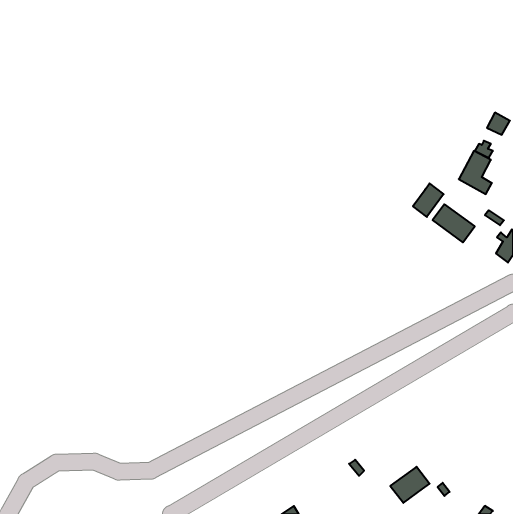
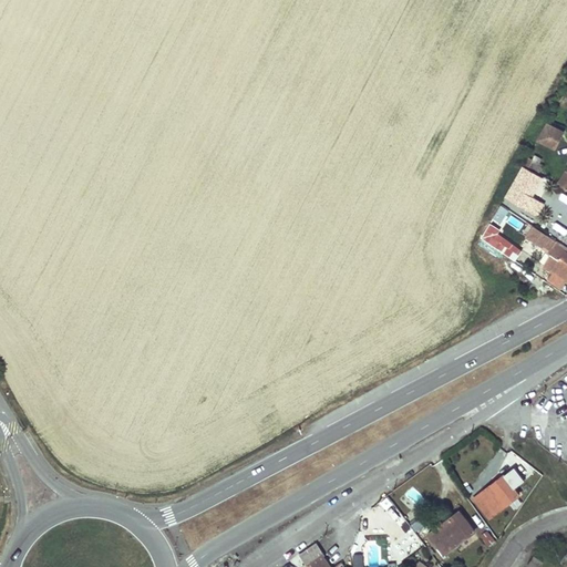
building: [413,183,444,217] -> none
building: none -> [474,476,518,518]

